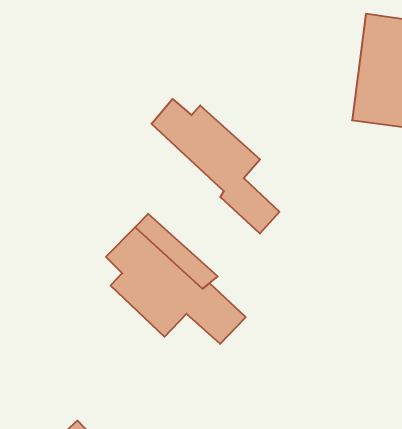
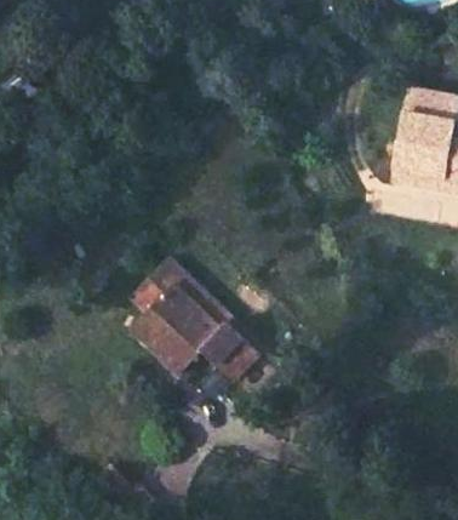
building: [151,99,279,234] -> none

